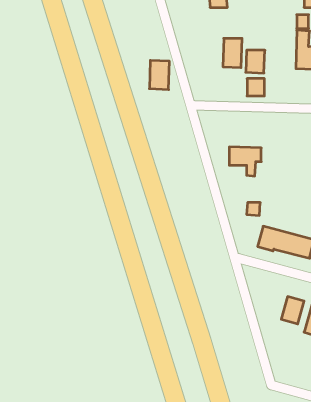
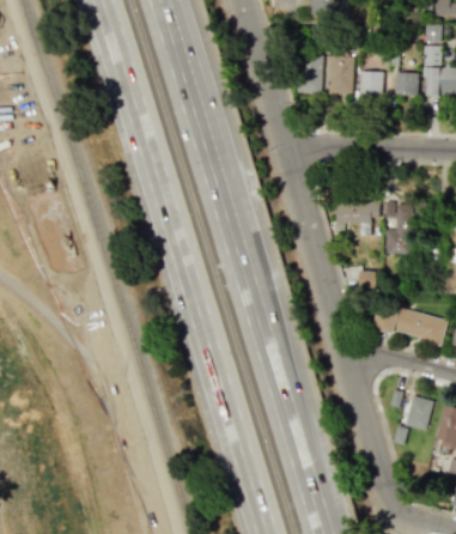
building: [149,60,169,90] -> [296,54,322,92]
building: [247,79,264,96] -> [395,72,418,95]
building: none -> [383,202,412,254]

